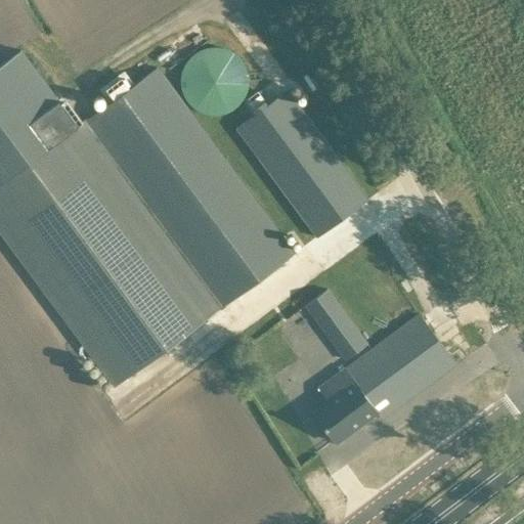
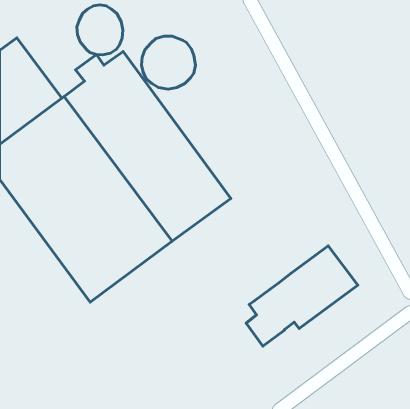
building: none -> [77,5,123,55]
building: [234,93,366,239] -> none
building: [305,291,366,361] -> none

